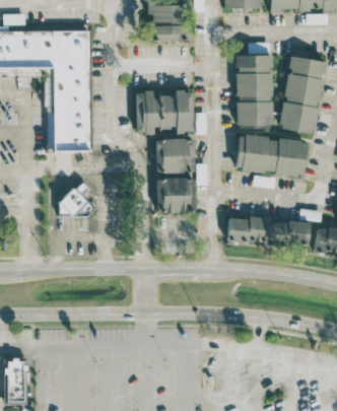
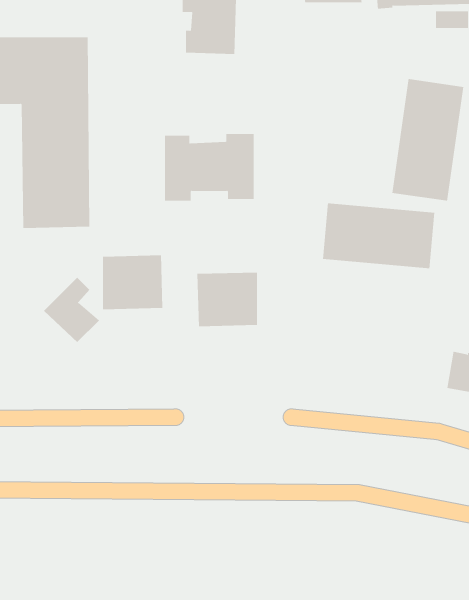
building: [237,55,274,127] -> none
building: [157,138,196,173] -> [102,255,163,310]
building: [228,216,311,246] -> none

